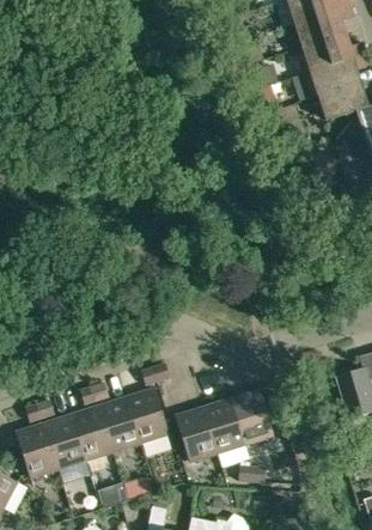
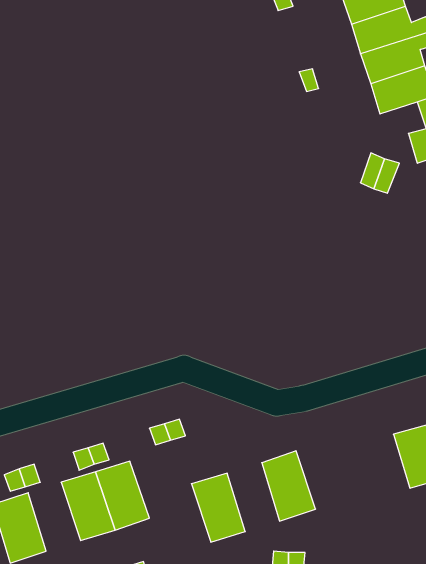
building: [126,386,169,441] -> none
building: [203,397,245,452] -> none
building: [44,413,86,468] -> none

